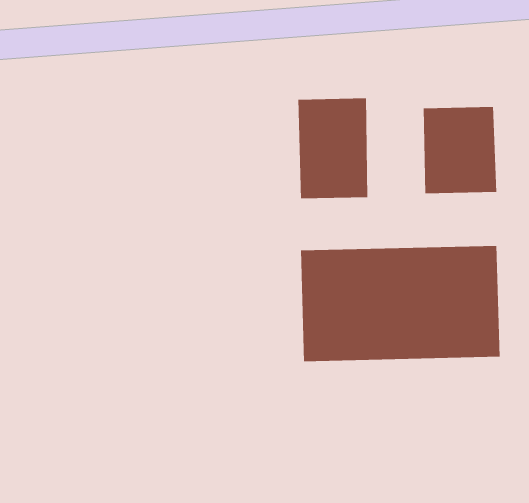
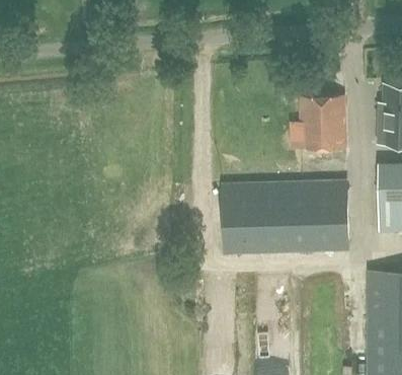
building: [298,97,368,199] -> none

